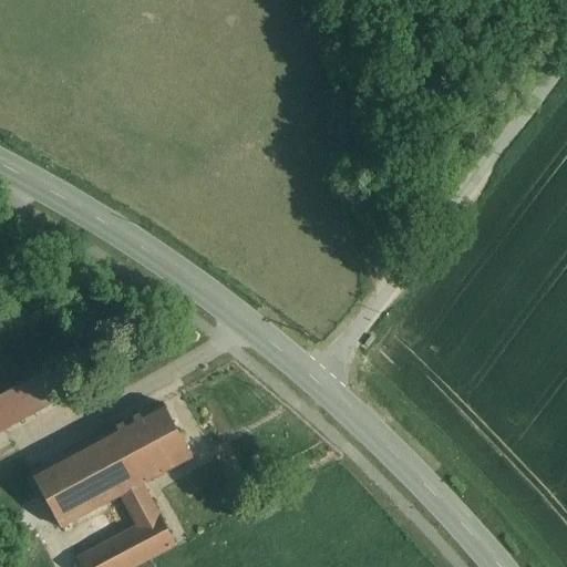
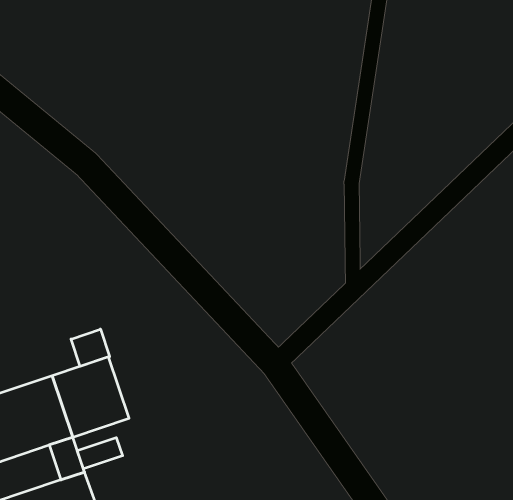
building: none -> [71,329,110,366]
building: none -> [77,438,123,469]

